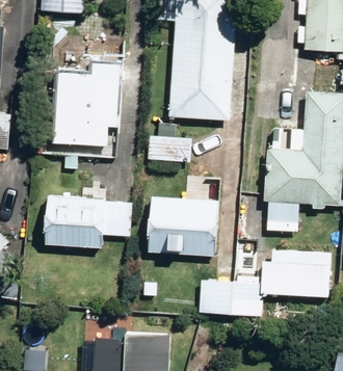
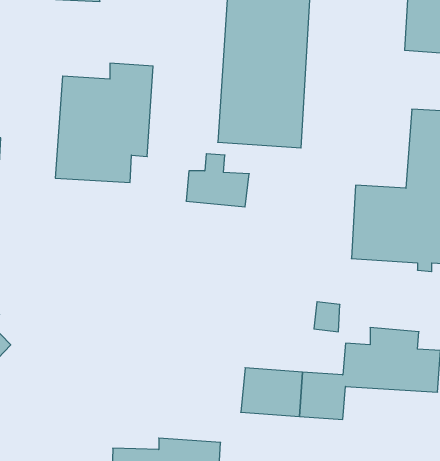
building: [43,195,129,247] -> none
building: [148,196,218,257] -> none

